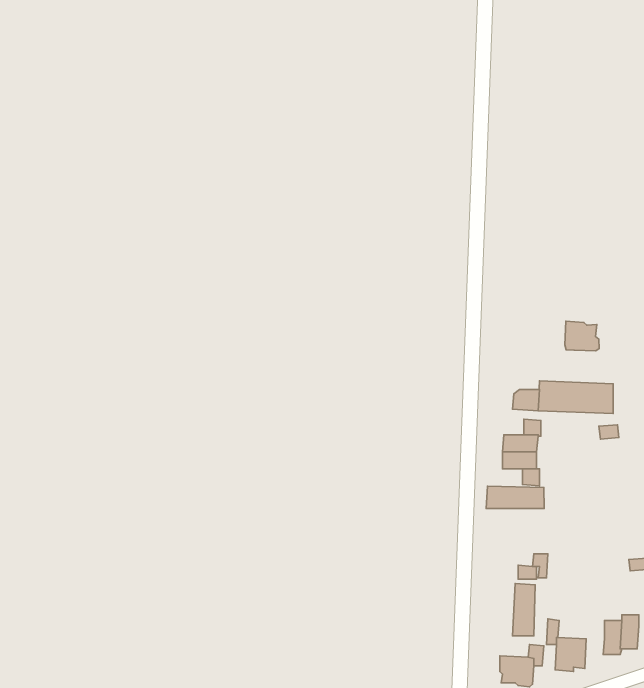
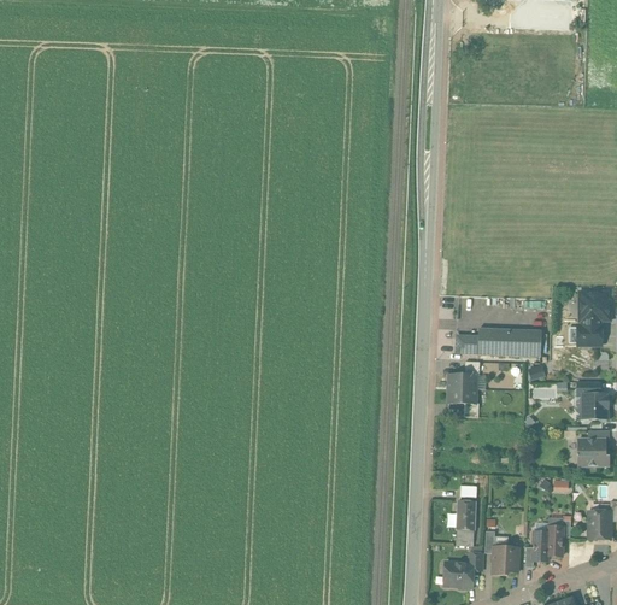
building: [565,321,599,351] -> none
building: [486,486,544,509] -> none

